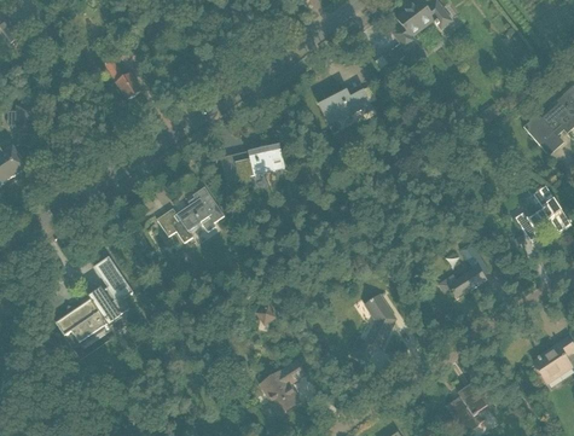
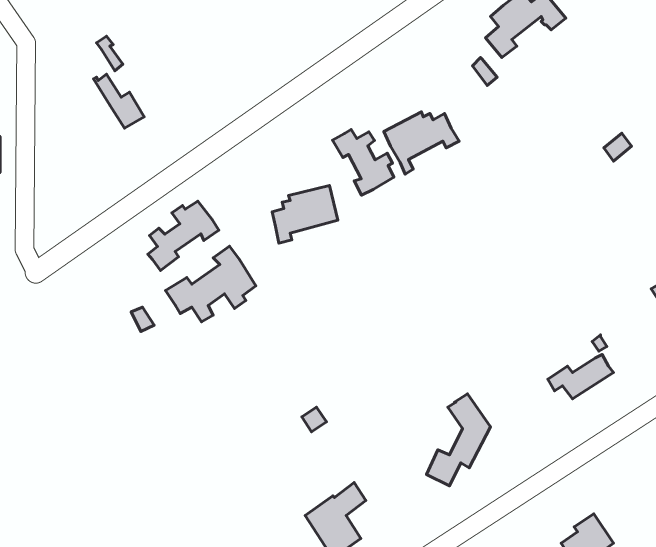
building: none -> [332,130,394,195]
building: none -> [148,201,219,271]
building: [56,256,133,341] -> none

